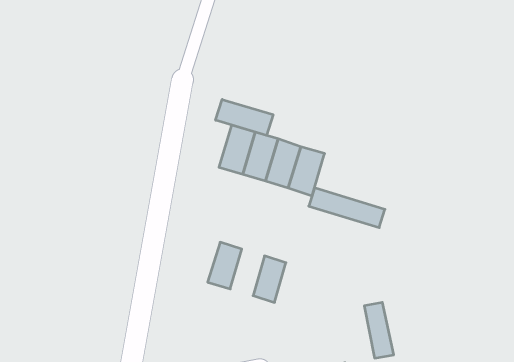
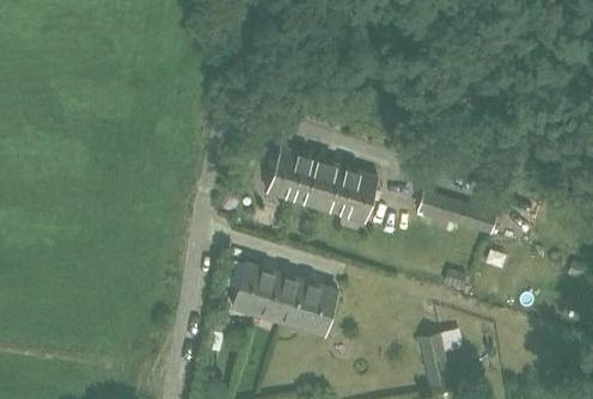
building: [216,99,273,135] -> none
building: [309,188,385,228] -> [416,192,496,234]
building: none -> [232,265,268,313]
building: none -> [279,278,314,327]

